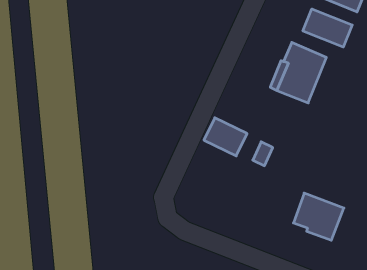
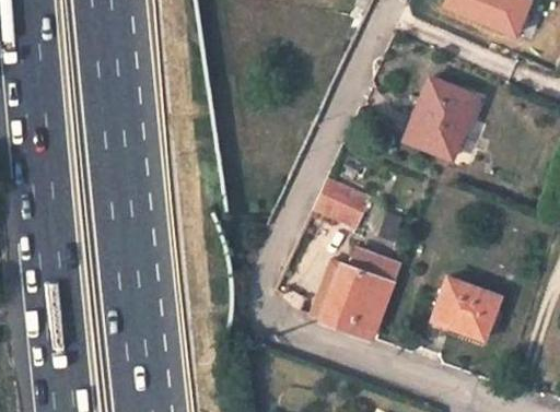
building: [303,9,352,47] -> none
building: none -> [323,247,399,338]

